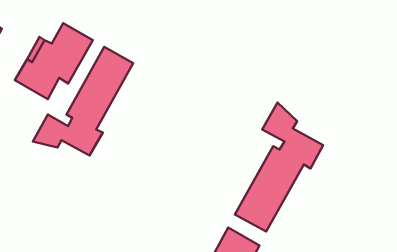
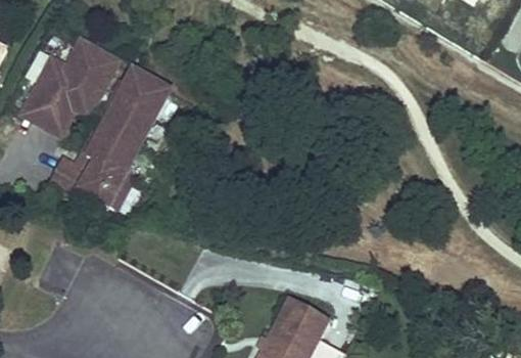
building: [235,102,323,231] -> none

